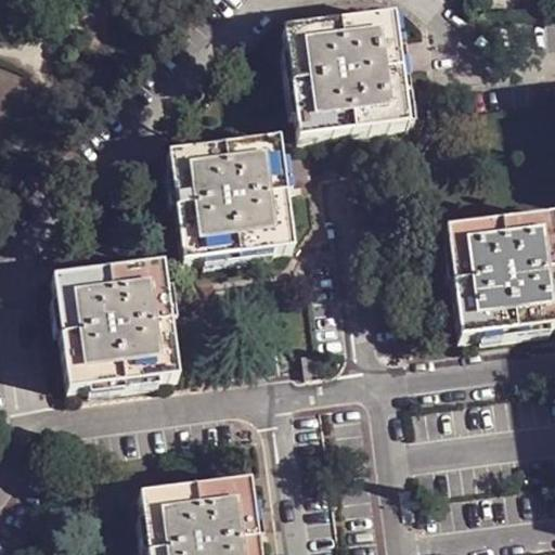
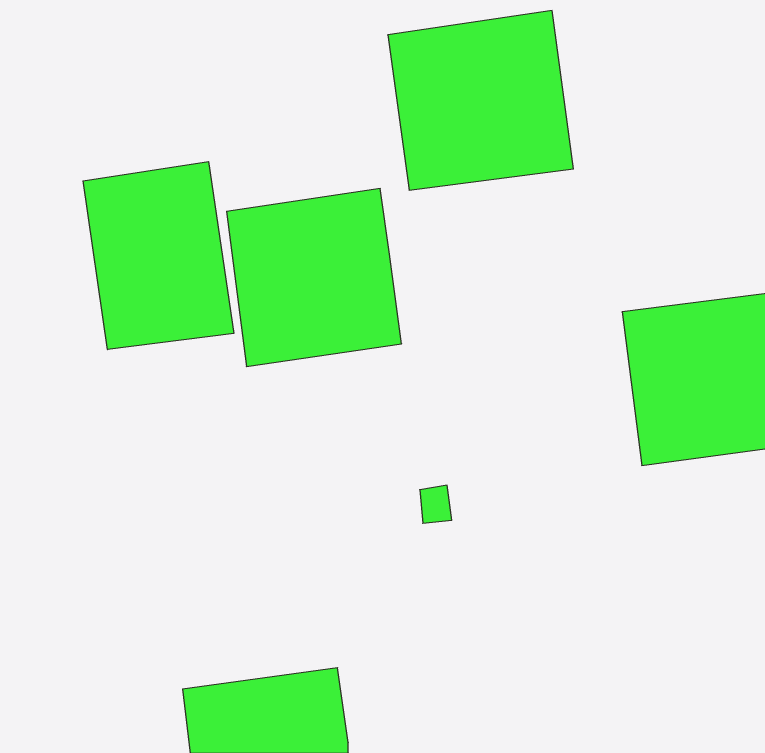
building: none -> [83,162,234,350]
building: [53,260,179,386] -> none

